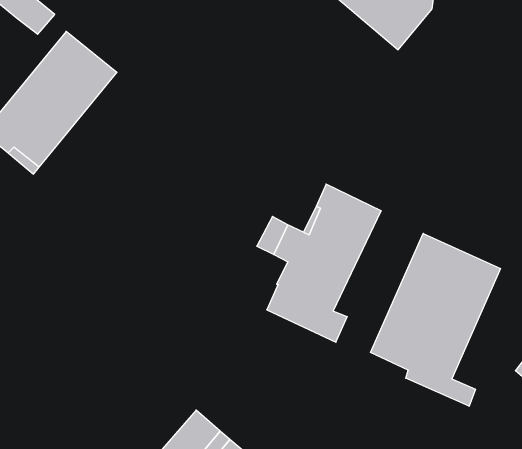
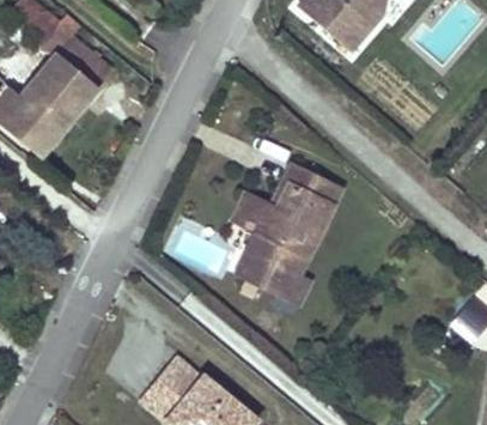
building: [370,233,501,406] -> none

